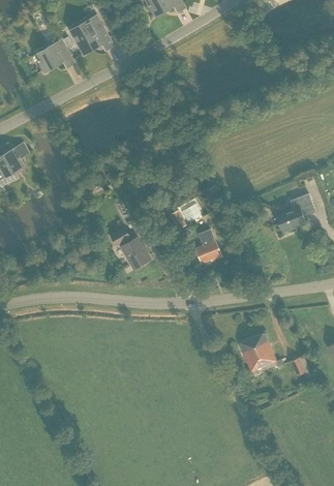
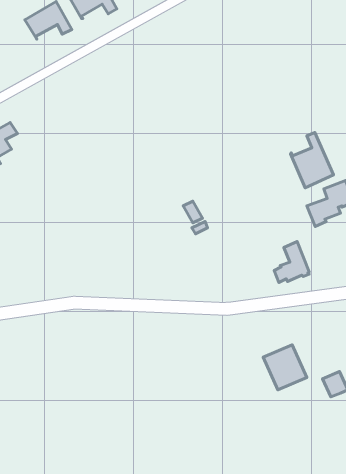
building: none -> [290,132,334,188]
building: [111,227,151,267] -> none
building: [190,229,220,264] -> [274,241,309,283]

